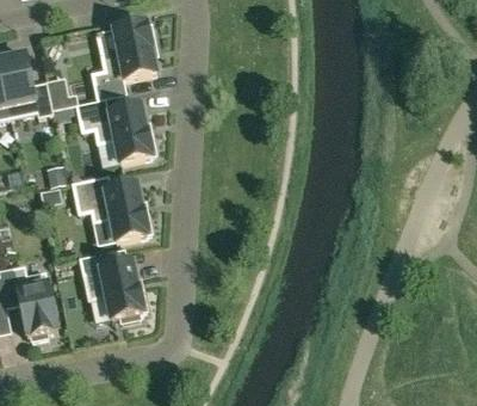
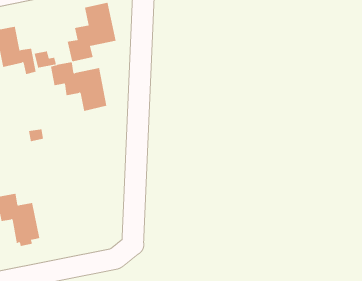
building: [66,176,141,240] -> none
building: [76,244,148,312] -> none

